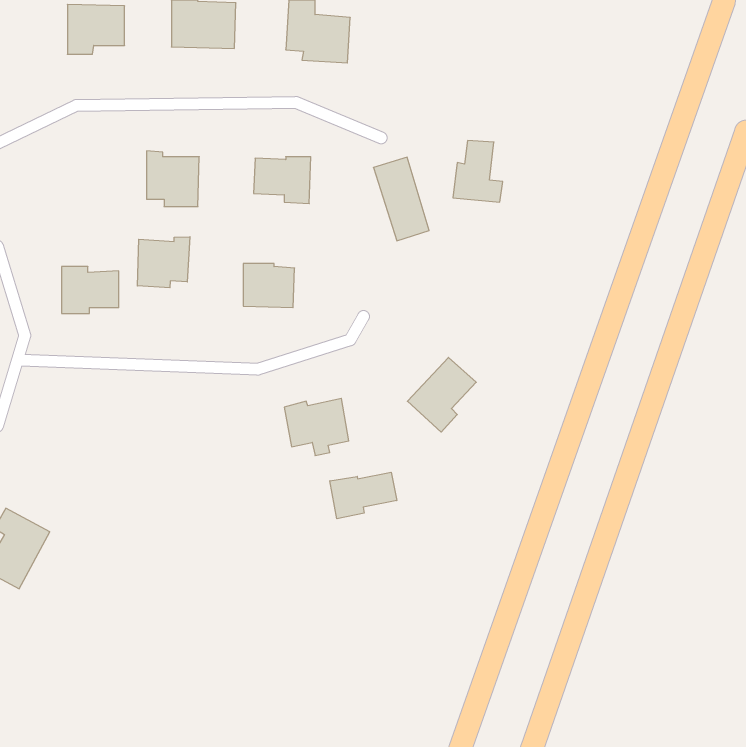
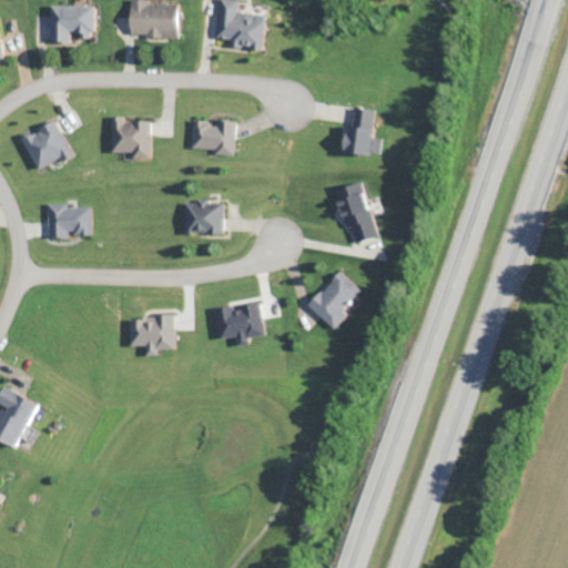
building: none -> [20,120,73,170]
building: [373,157,429,241] -> [335,181,377,244]
building: [137,237,190,288] -> none
building: none -> [129,314,174,355]
building: [330,472,397,519] -> none

